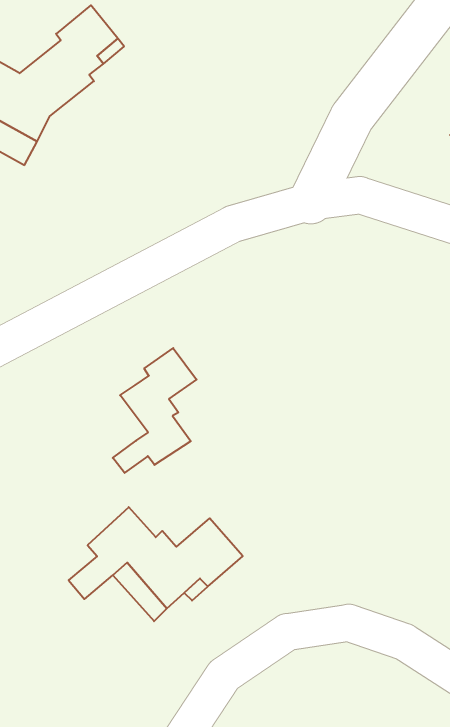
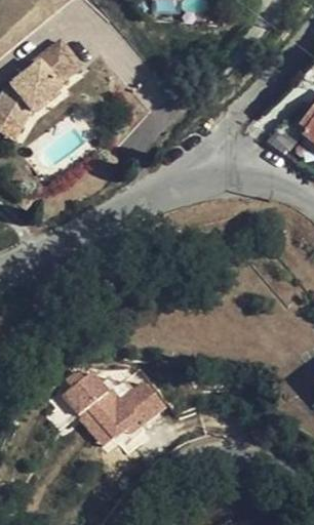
building: [113,348,197,473] -> none

